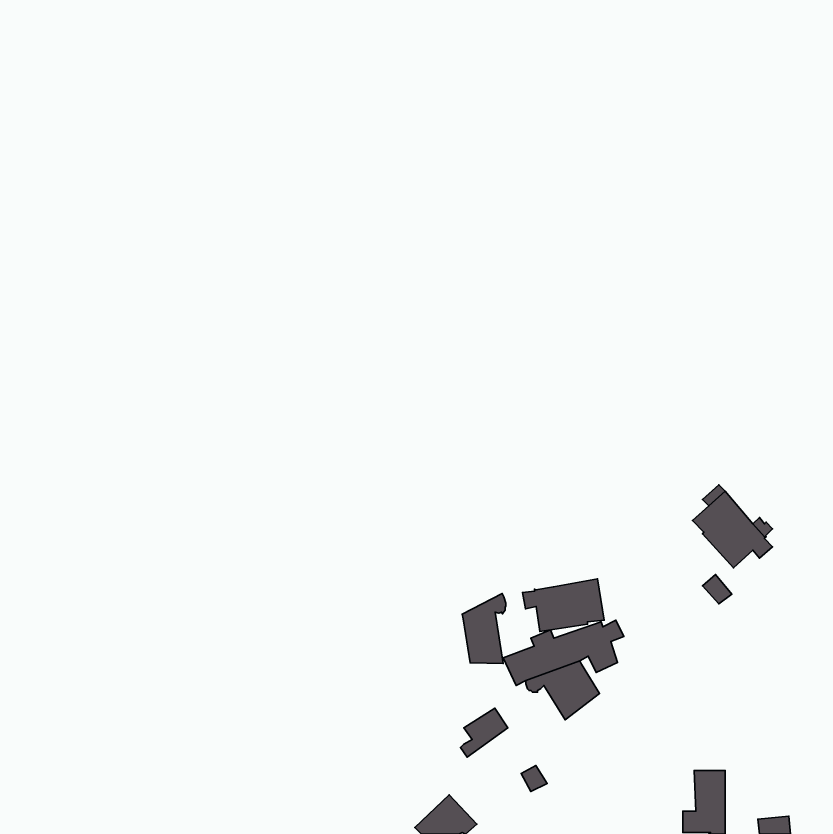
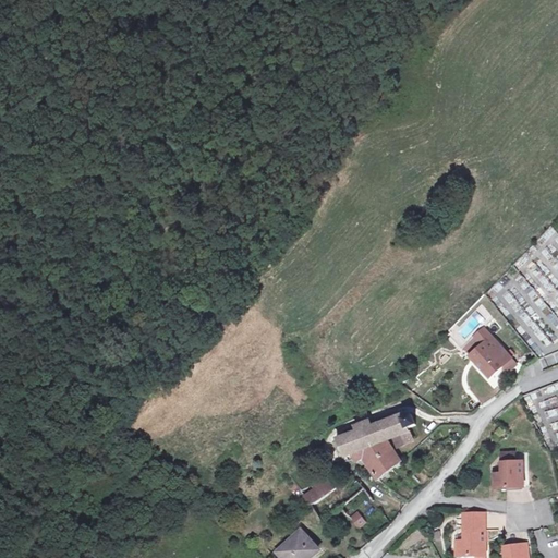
building: [523,579,604,632] -> none
building: [462,594,506,664] -> none
building: none -> [494,453,523,488]

